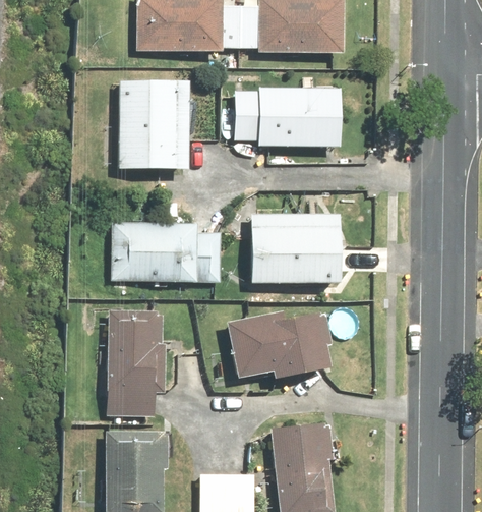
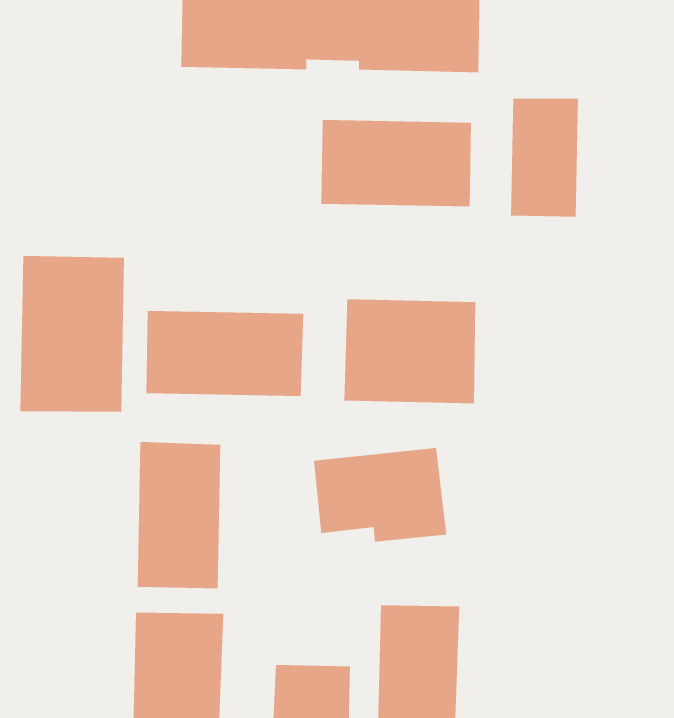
building: none -> [511,98,578,218]
building: [119,75,188,171] -> none
building: none -> [20,255,125,412]

